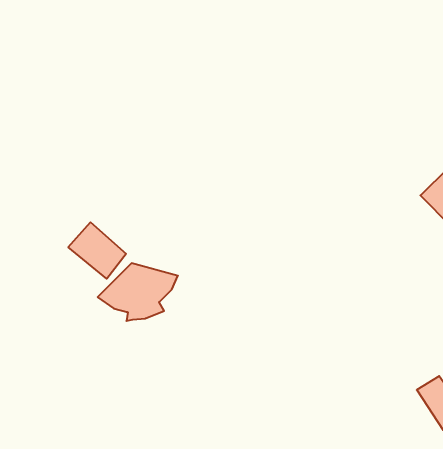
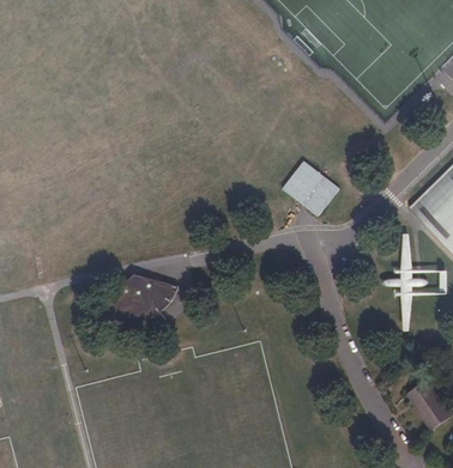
building: none -> [283,159,342,215]
building: [68,222,126,279] -> none

